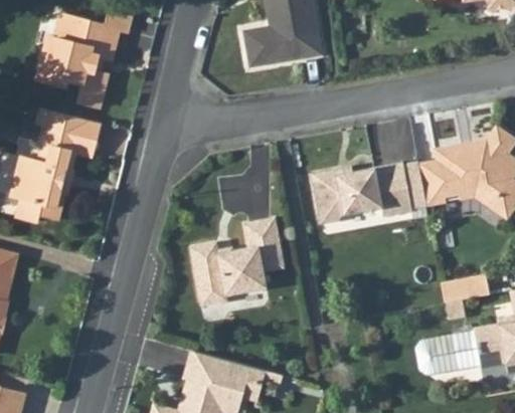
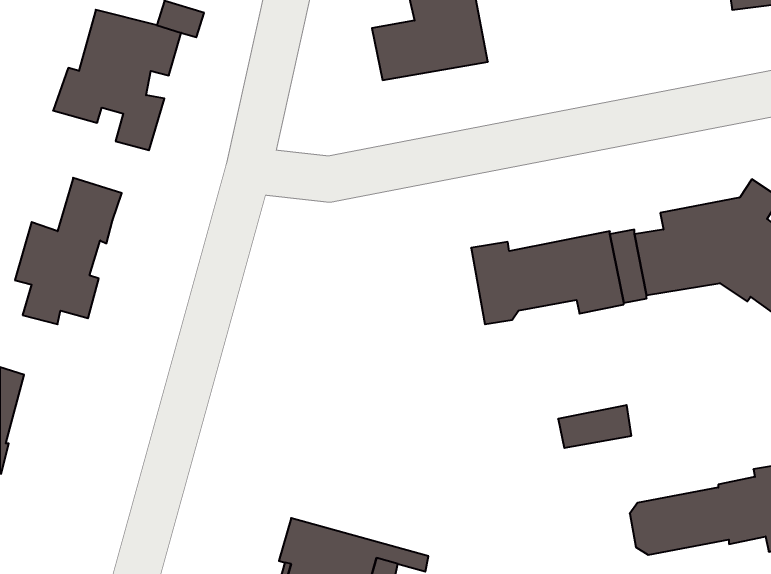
building: [37,111,102,159] -> none
building: [191,217,285,306] -> none
building: [441,274,489,302] -> [558,405,631,448]

